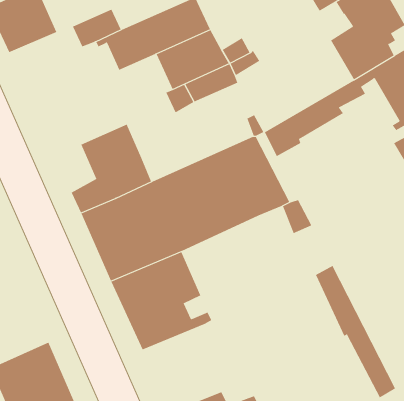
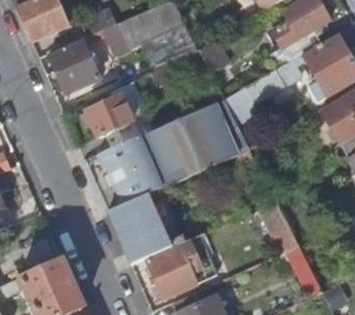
building: none -> [49,40,98,92]
building: none -> [147,233,216,298]

